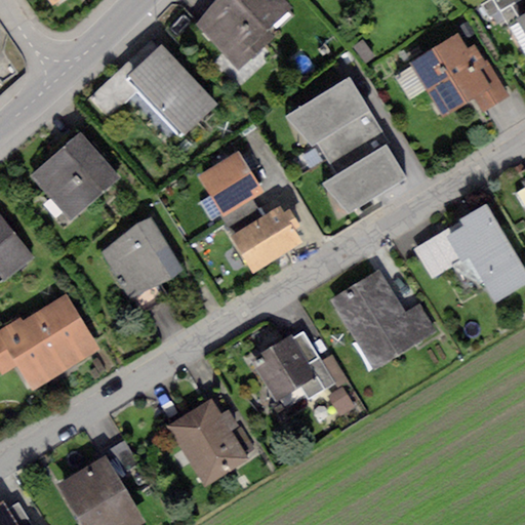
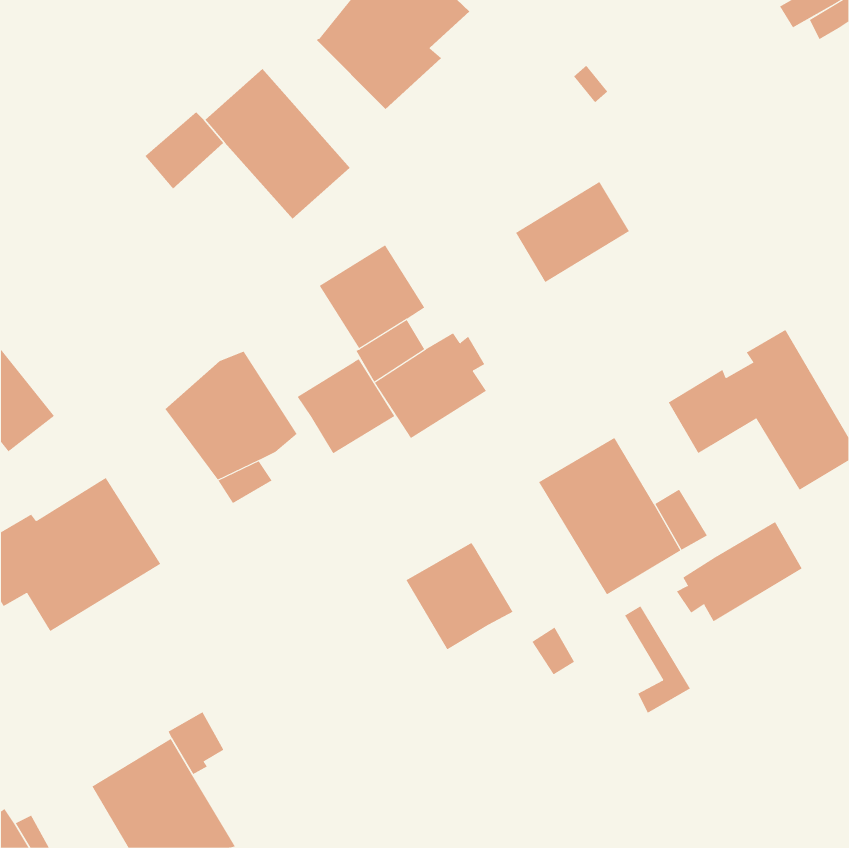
building: [407,33,510,120] -> none
building: [284,76,370,147] -> none
building: [30,130,120,219] -> none
building: [321,143,408,212] -> none
building: none -> [297,359,395,454]
building: none -> [676,521,803,622]
building: [293,331,334,398] -> [624,605,691,713]
building: [167,399,248,485] -> none

